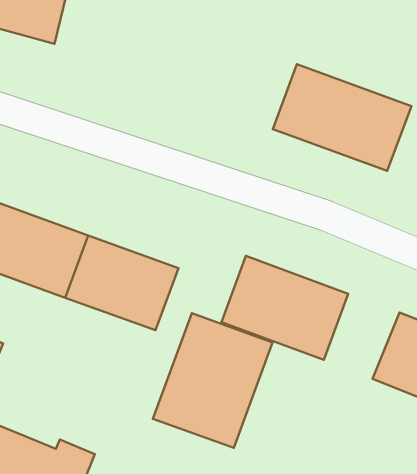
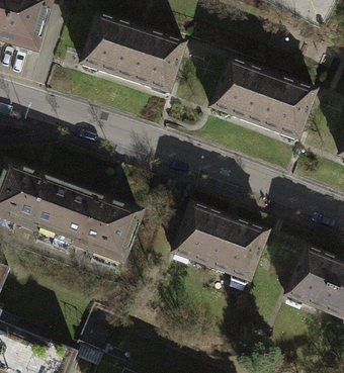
building: none -> [80,16,183,93]
building: [153,313,273,448] -> none

